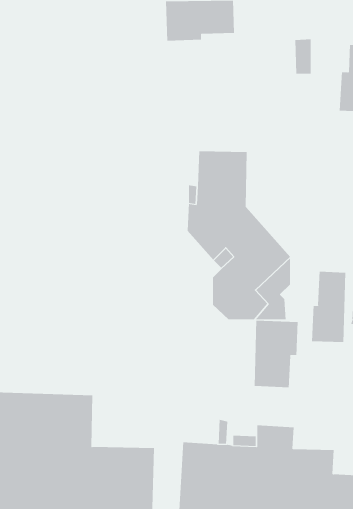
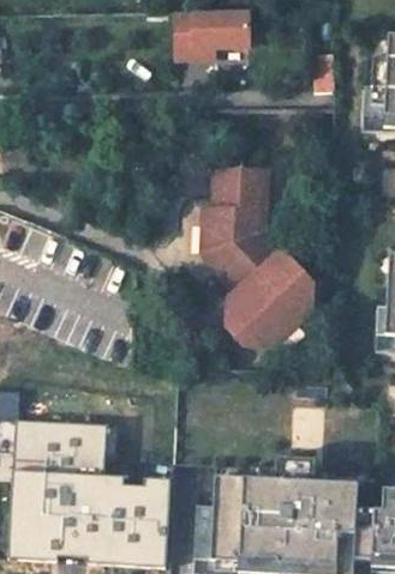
building: [311,271,346,343] -> none
building: [254,320,298,388] -> none

